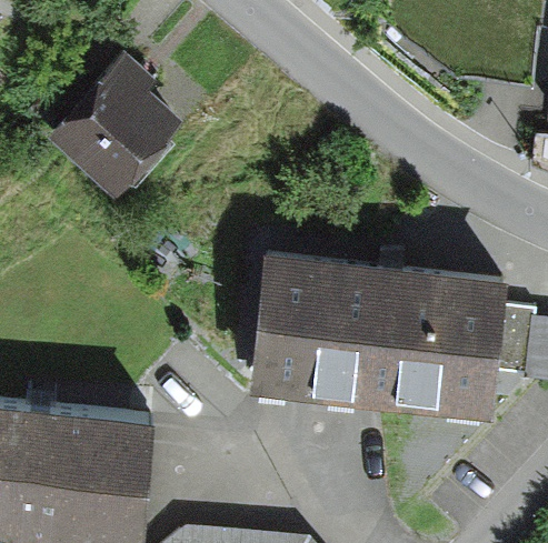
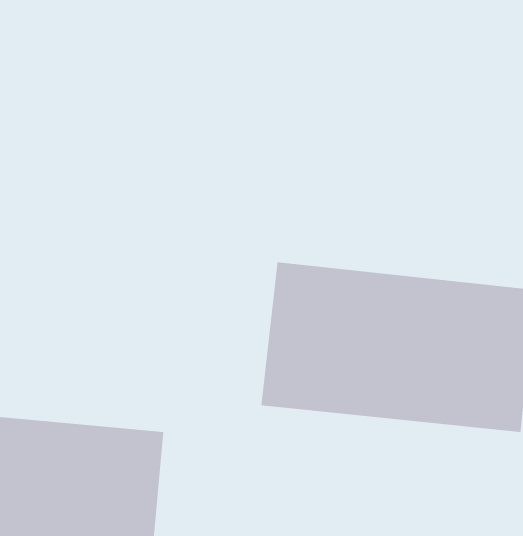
building: [34,49,187,195] -> none

